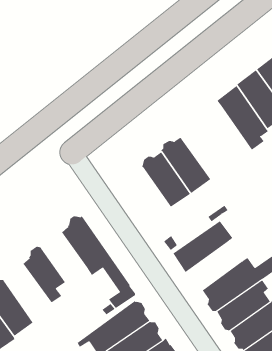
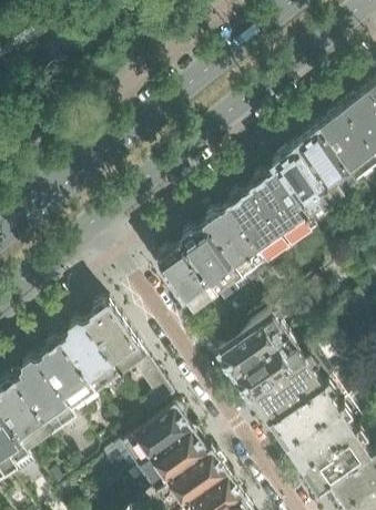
building: none -> [227,170,314,258]
building: none -> [157,244,216,312]
building: none -> [61,320,114,391]
building: none -> [234,333,303,396]
building: none -> [16,358,75,431]

